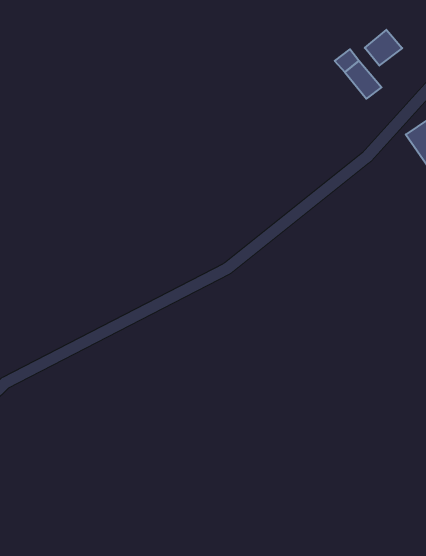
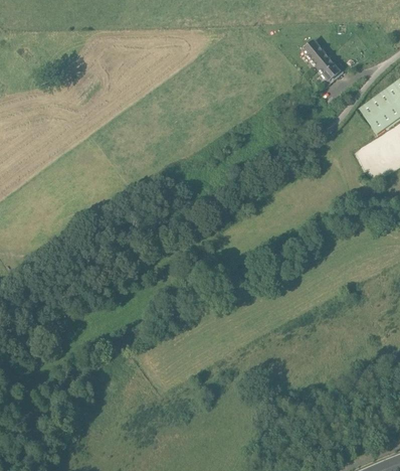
building: [365,30,402,66] -> none

